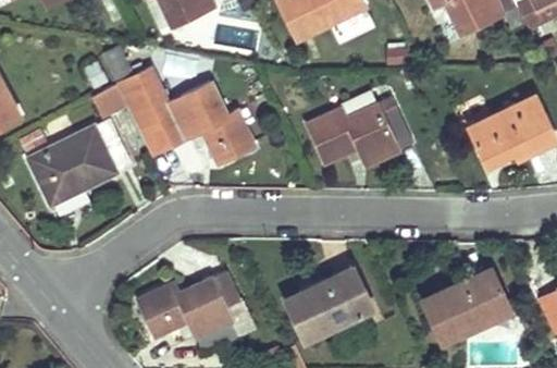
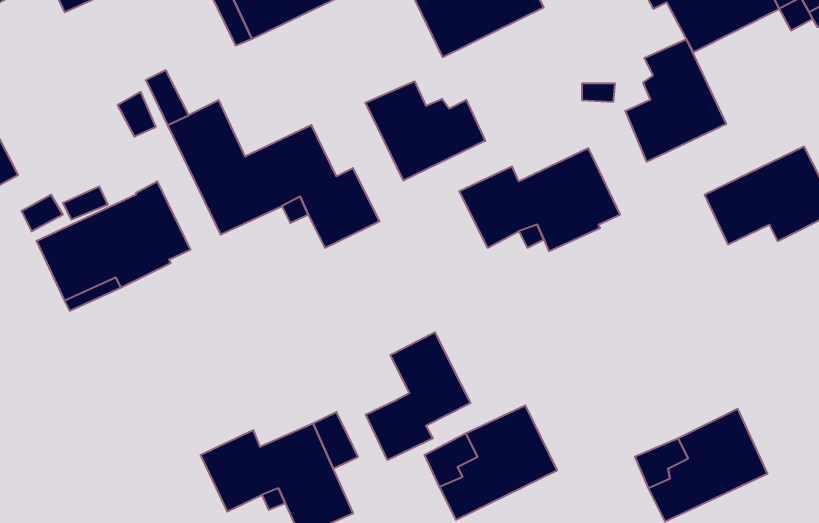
building: none -> [625,39,726,162]
building: none -> [365,81,485,181]
building: none -> [366,332,470,460]

